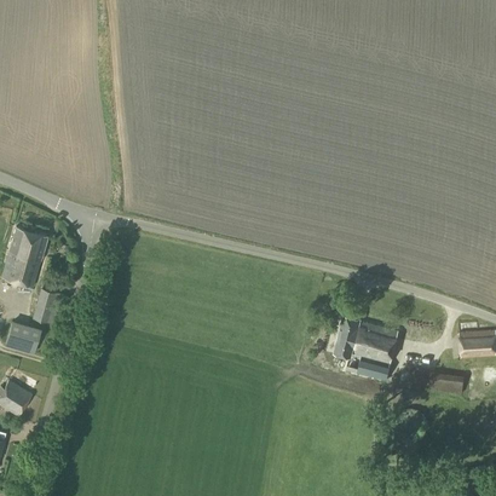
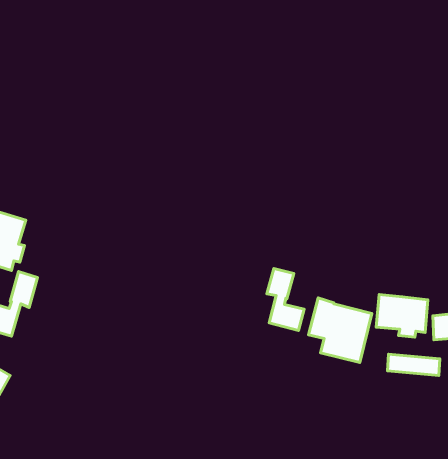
building: none -> [267,269,304,331]
building: none -> [376,295,428,337]

